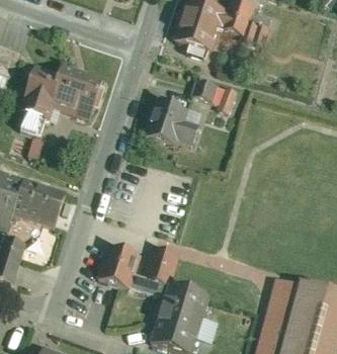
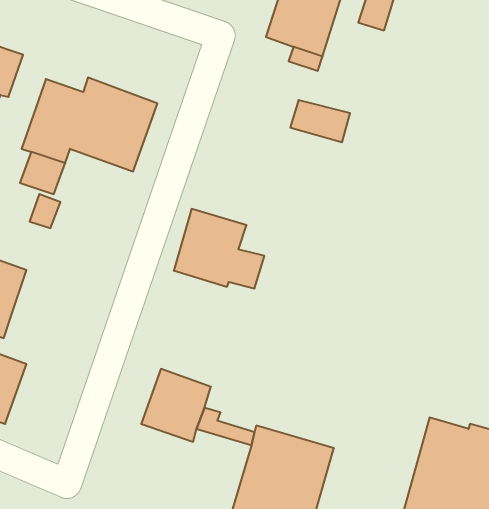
building: [142,97,198,147] -> [174,209,264,288]
building: [12,176,68,230] -> none
building: [142,247,174,285] -> none

